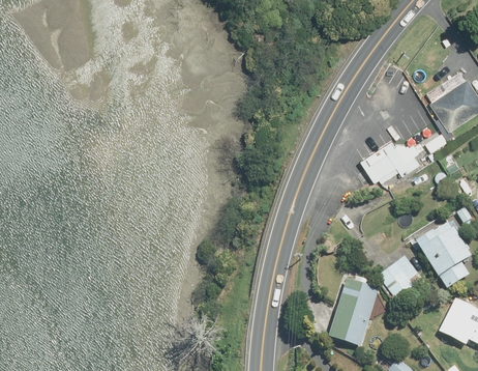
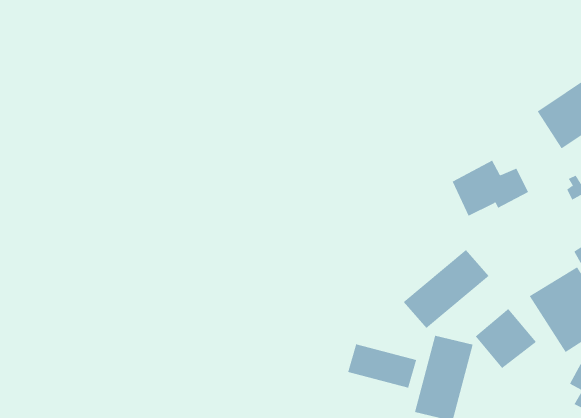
building: none -> [403,249,489,329]
building: none -> [347,343,417,389]

